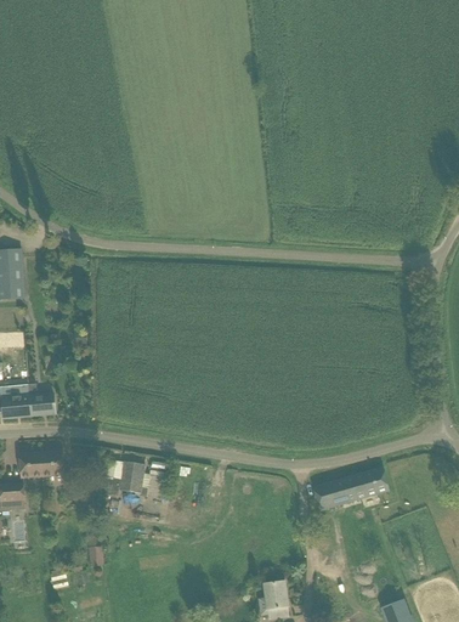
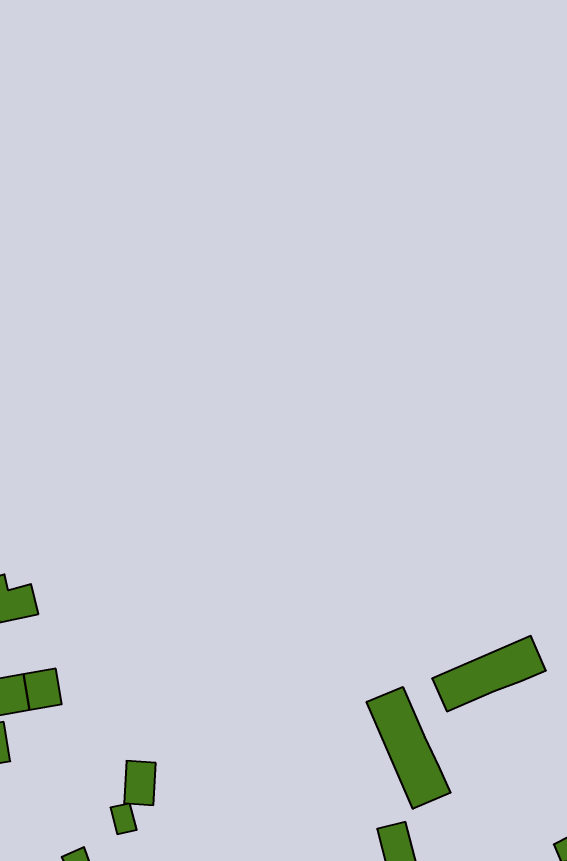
building: [119,462,143,493] -> [124,761,156,805]
building: none -> [367,687,451,809]

